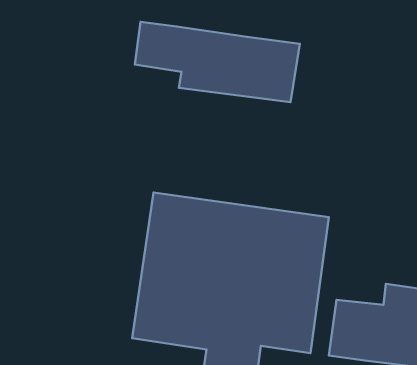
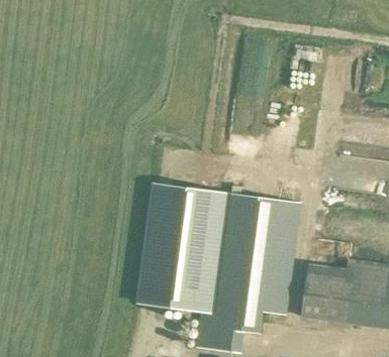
building: [135,22,300,102] -> none

